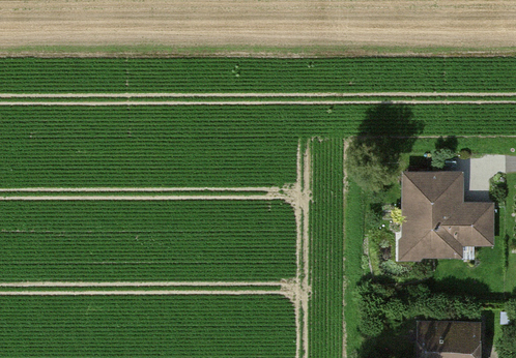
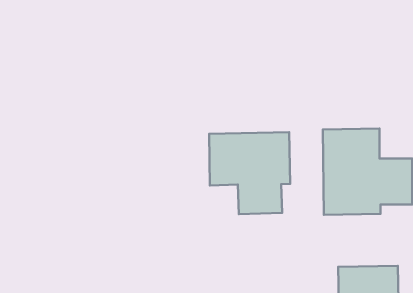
building: none -> [209,132,290,214]

